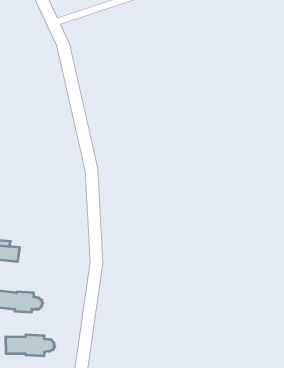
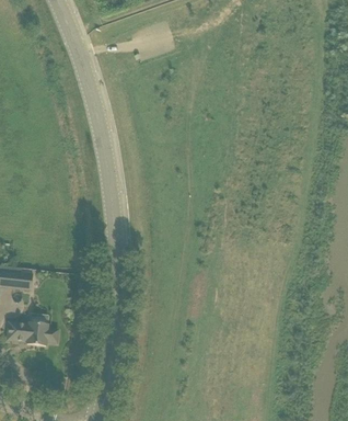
building: [6,335,55,356] -> none

